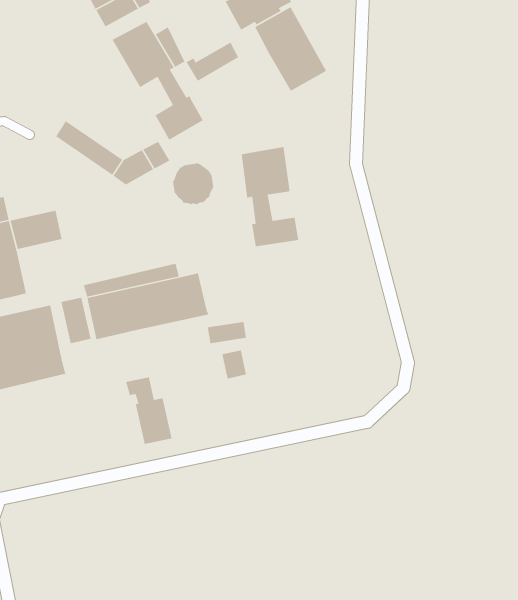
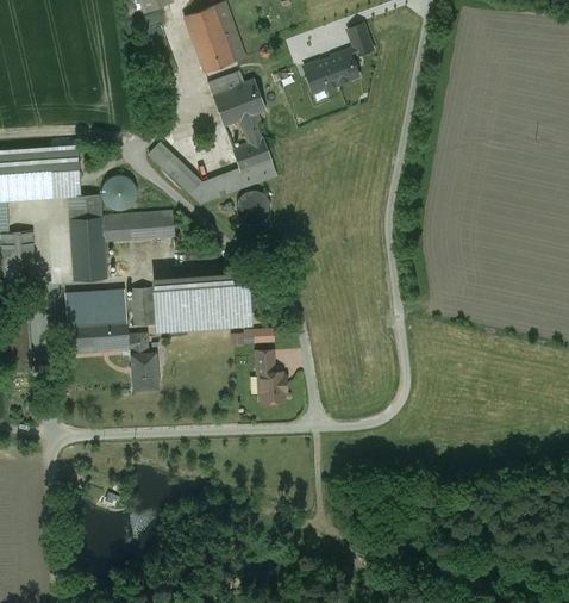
building: [254,6,327,92] -> none
building: [186,41,239,82] -> [232,161,276,189]
building: [241,146,299,247] -> none
building: none -> [108,176,142,210]
building: none -> [140,212,174,240]
building: none -> [257,373,286,403]
building: [125,376,173,445] -> [126,335,157,390]

